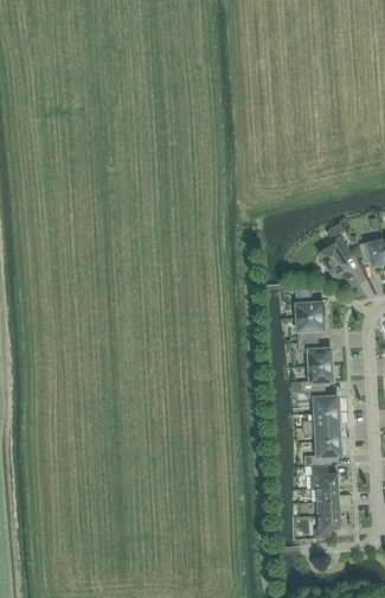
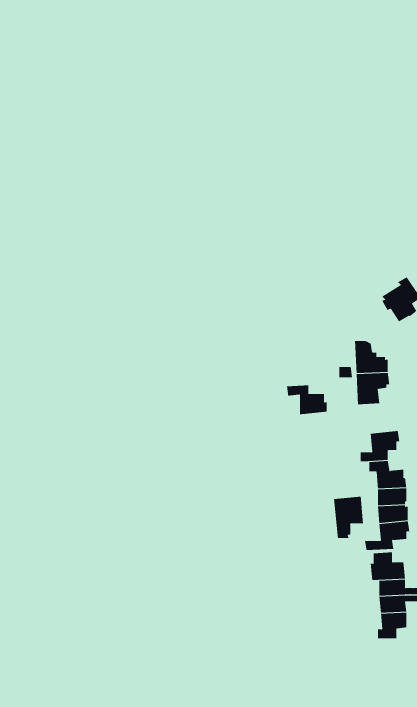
building: [299,342,333,367] -> [286,385,328,415]
building: none -> [334,496,363,539]

